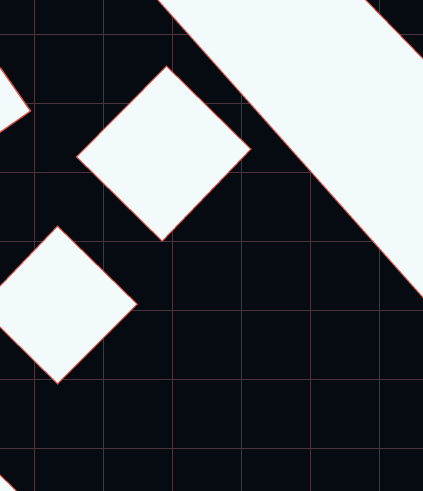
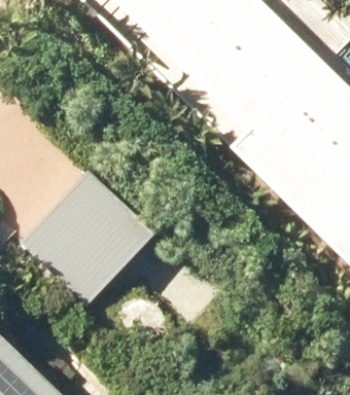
building: [76,66,251,241] -> none

